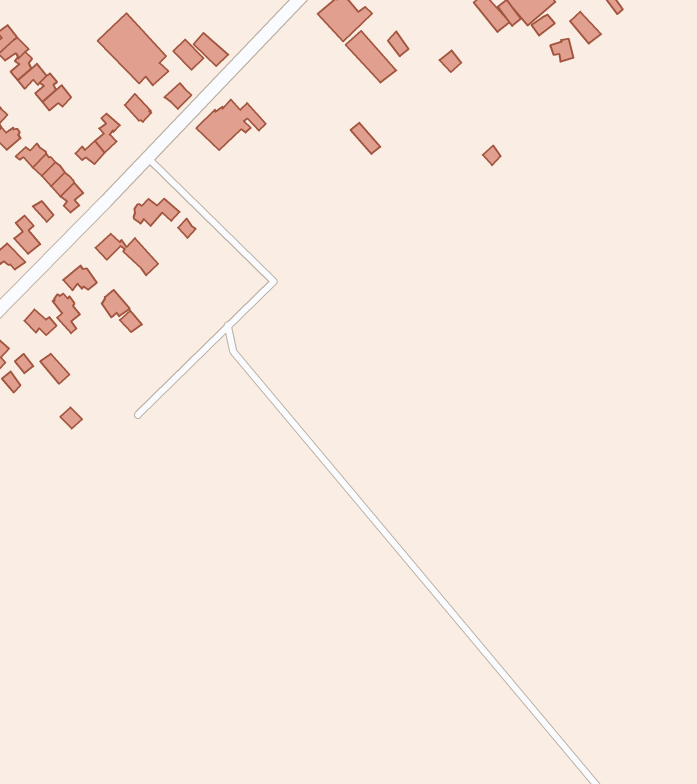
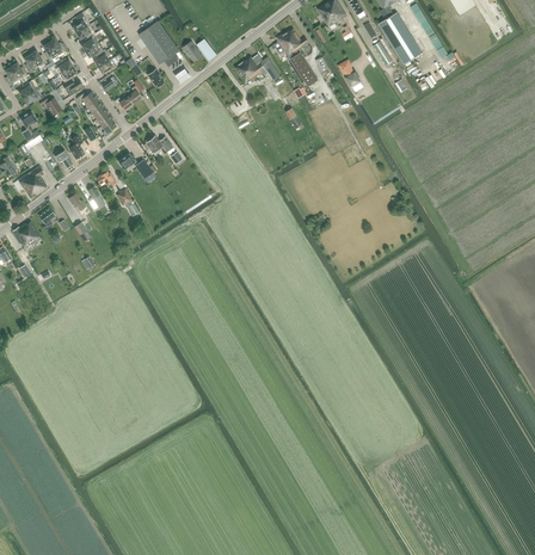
building: [196,100,266,150] -> [234,54,277,84]

